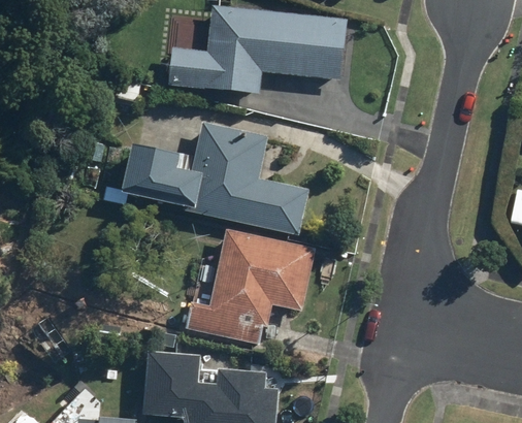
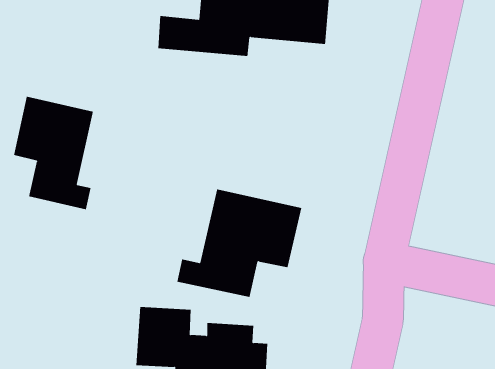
building: [121,121,308,232] -> none
building: none -> [13,96,93,210]

